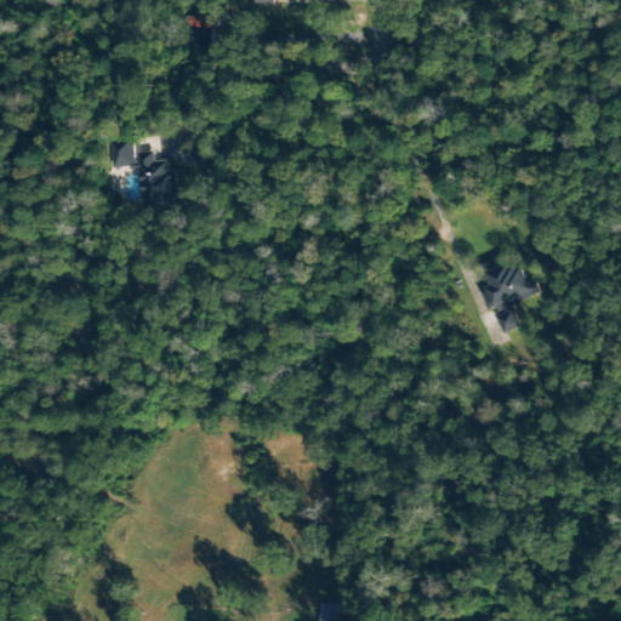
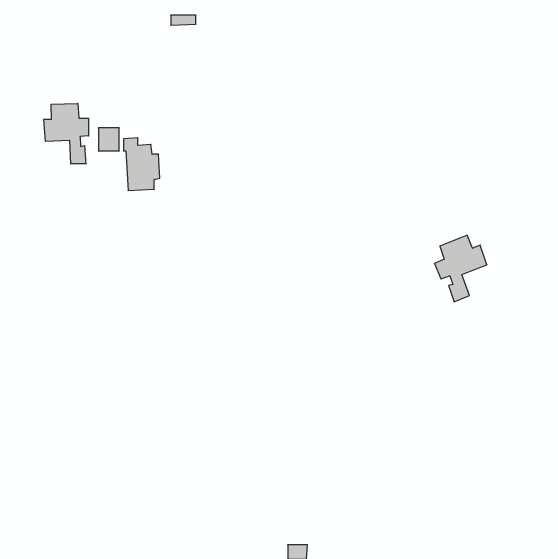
building: none -> [44,103,89,164]

